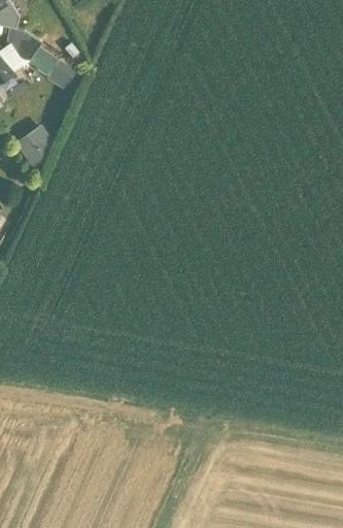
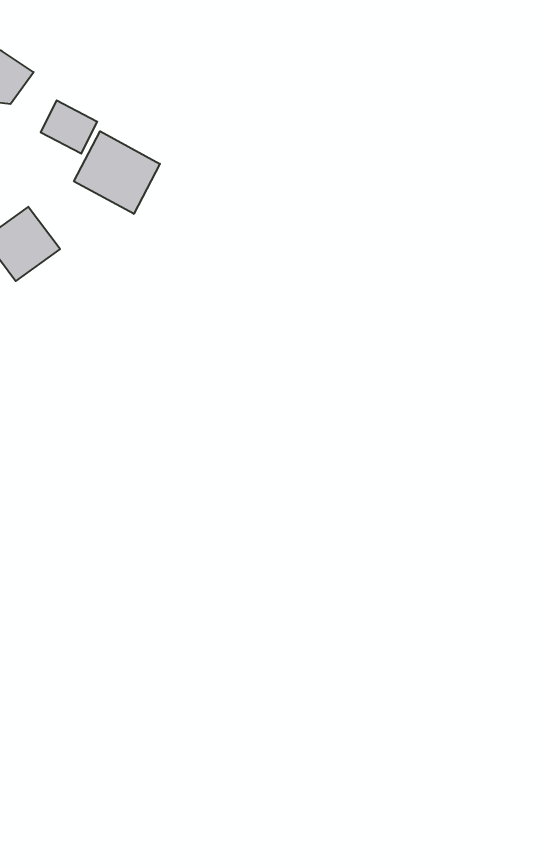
building: none -> [74,131,160,214]

